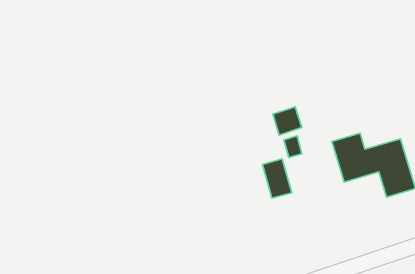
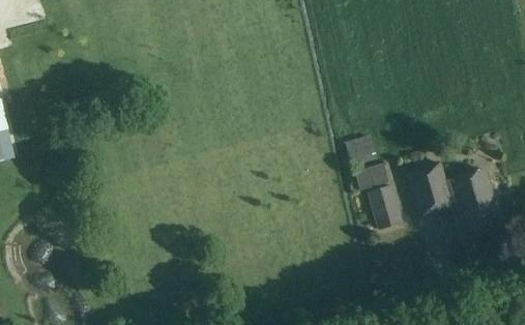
building: [263,159,292,198] -> [370,184,402,228]

